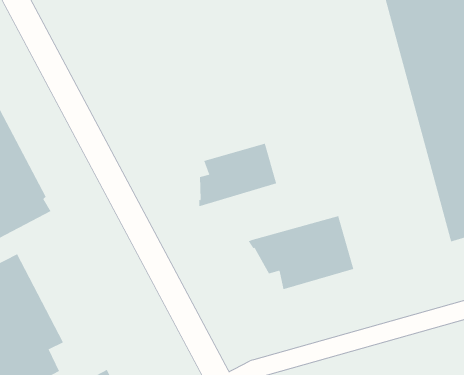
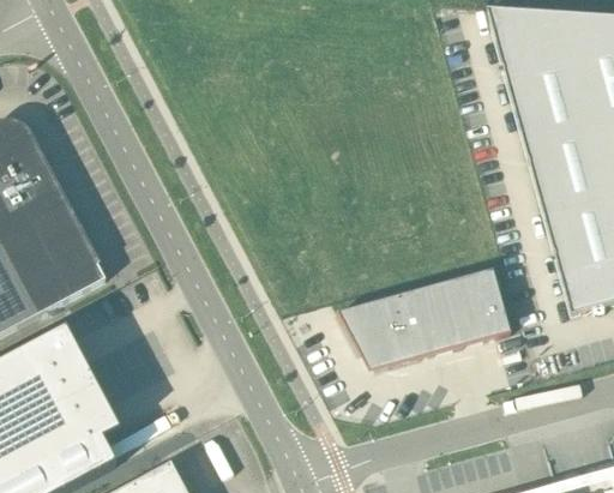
building: [199,143,277,207] -> none
building: none -> [439,267,508,344]

